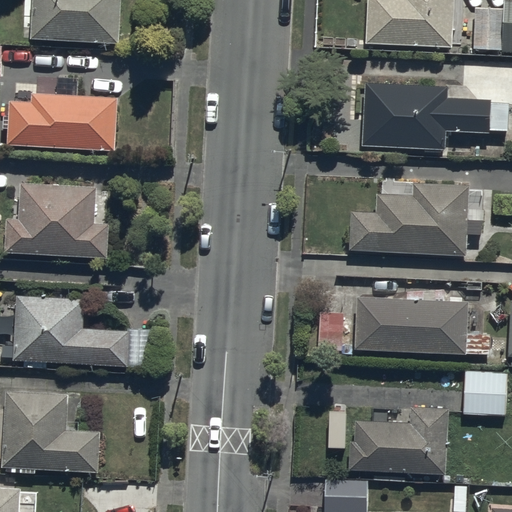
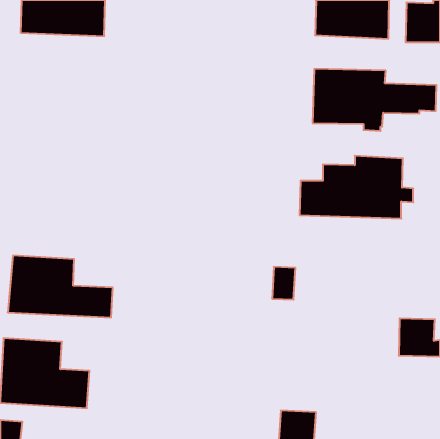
building: [6,91,119,152] -> none
building: [4,187,110,260] -> none
building: [354,289,489,353] -> none
building: [348,405,449,473] -> none

